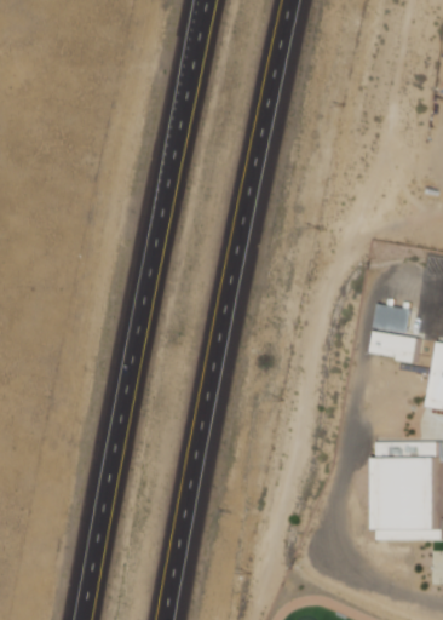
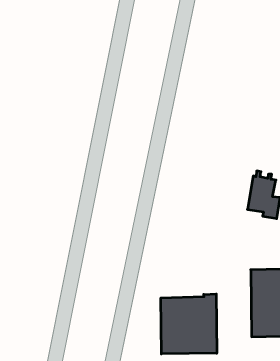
building: none -> [161,294,217,354]

